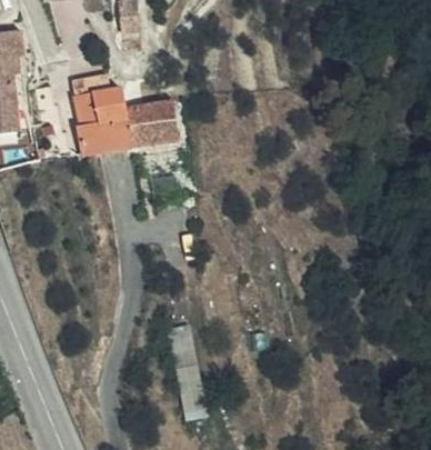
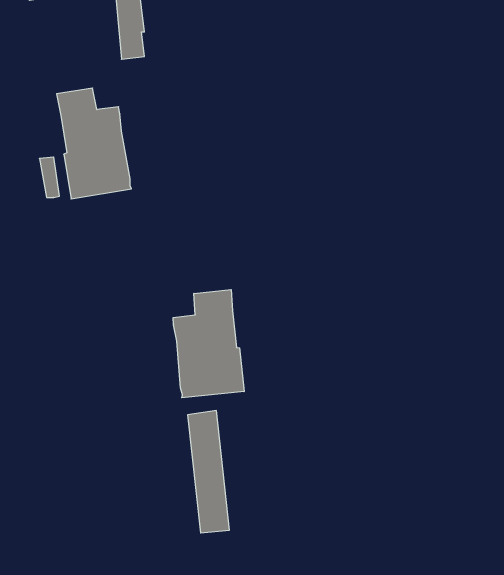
building: [122,99,168,148] -> none
building: none -> [173,290,244,398]

